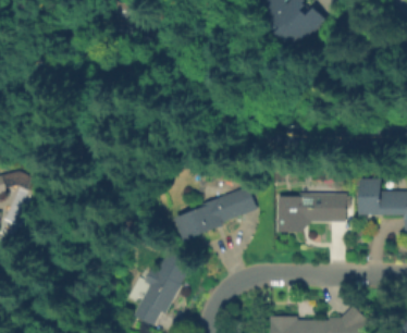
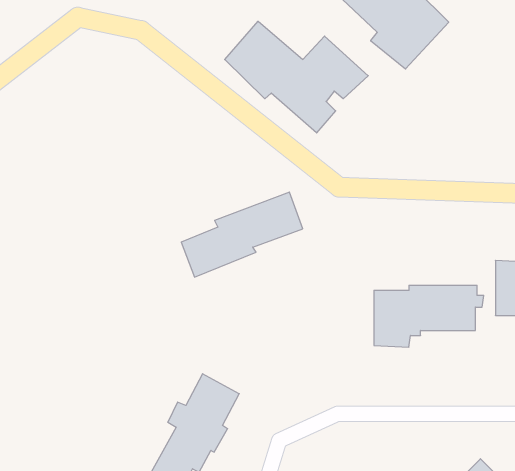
building: none -> [225,21,368,133]
building: [175,186,255,242] -> [181,192,303,277]

